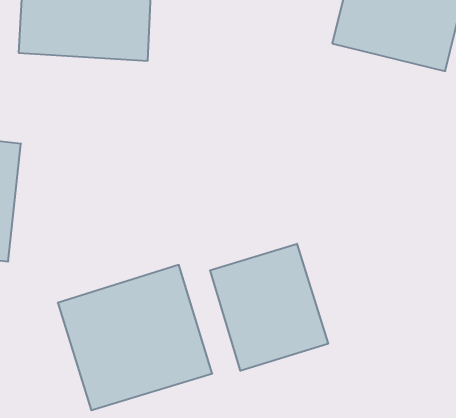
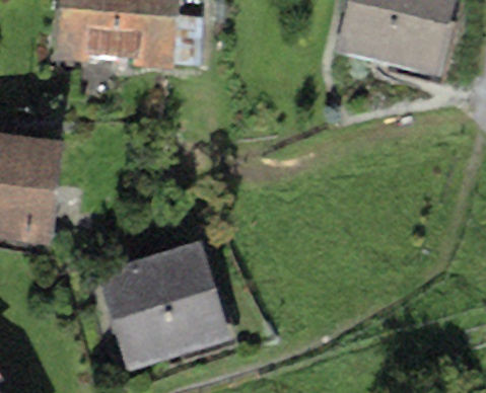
building: [210,244,328,371] -> none

